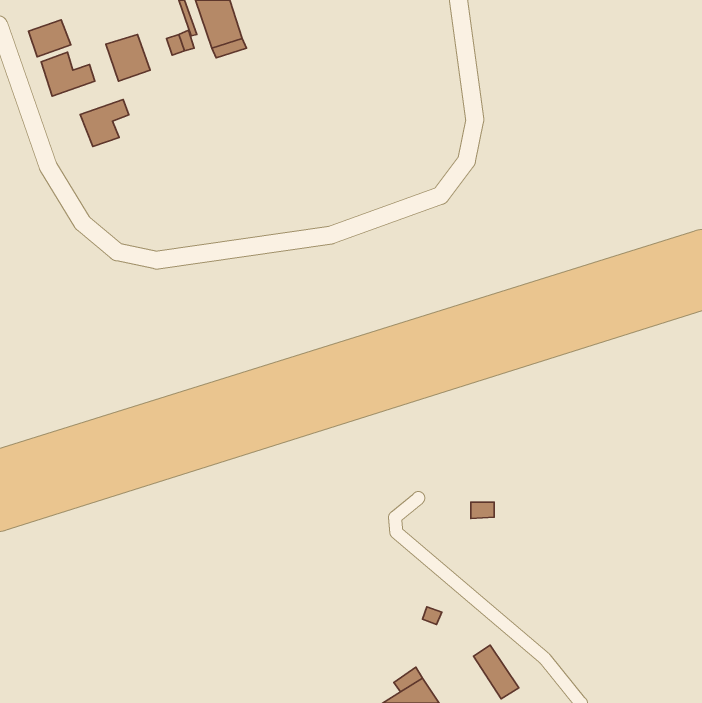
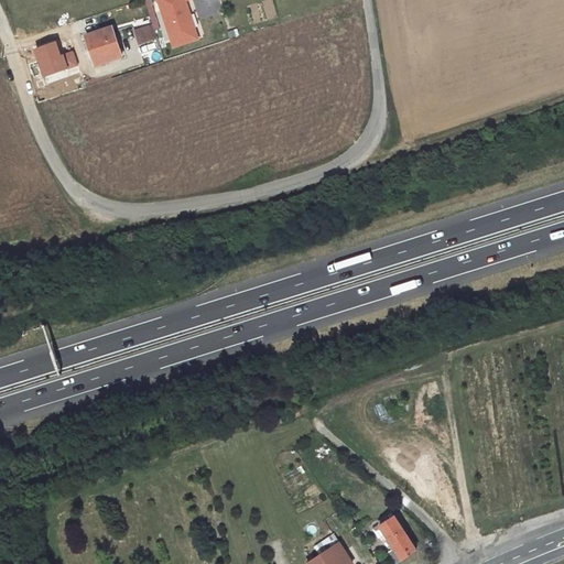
building: [28,20,71,57] -> none
building: [80,99,129,147] -> none

